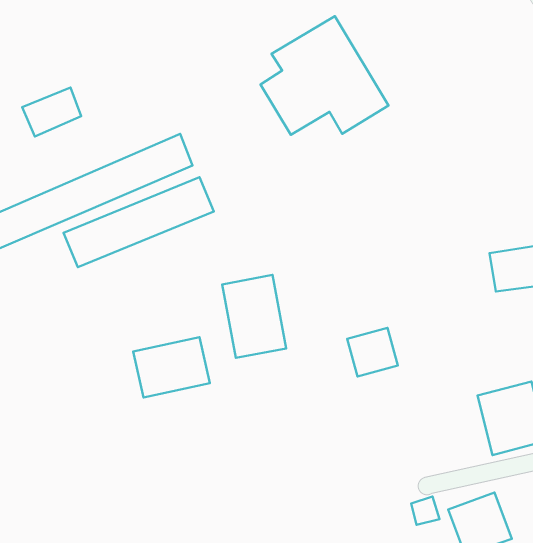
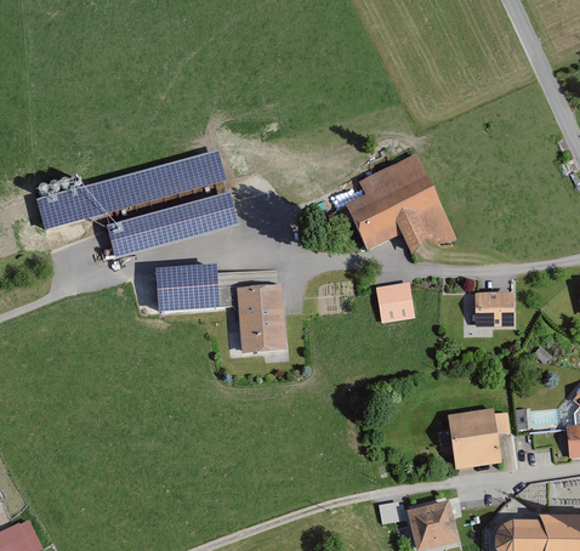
building: [260,16,388,135] -> [345,152,454,255]
building: [22,88,81,136] -> none
building: [347,328,398,376] -> [373,280,414,319]
building: [133,337,210,398] -> [158,265,221,311]

